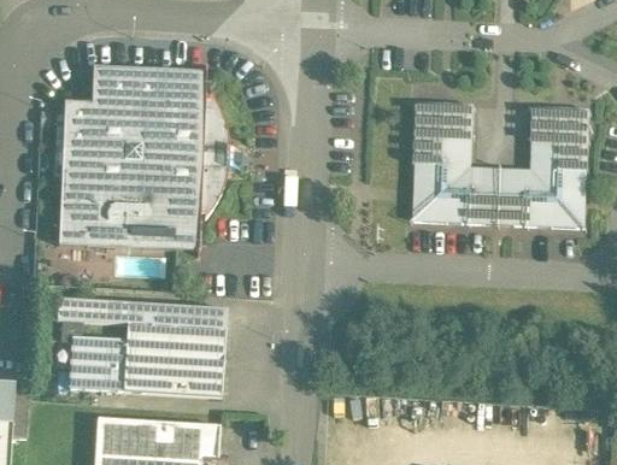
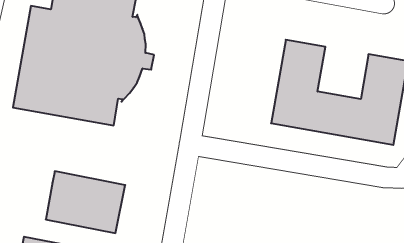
building: [54,298,224,328] -> none
building: [67,335,123,389] -> none

